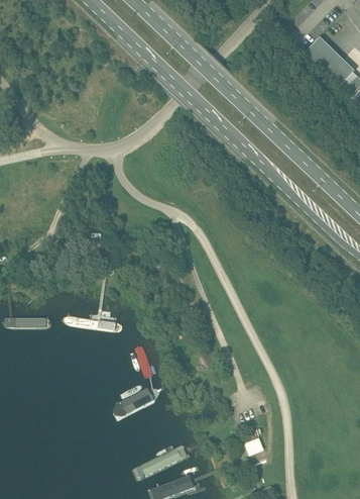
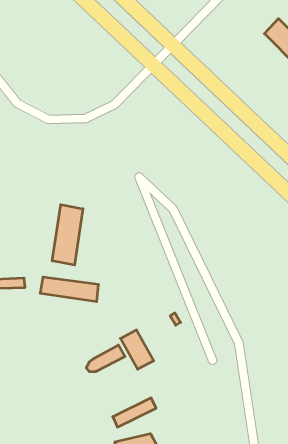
building: none -> [52,205,83,265]
building: none -> [120,330,154,369]

